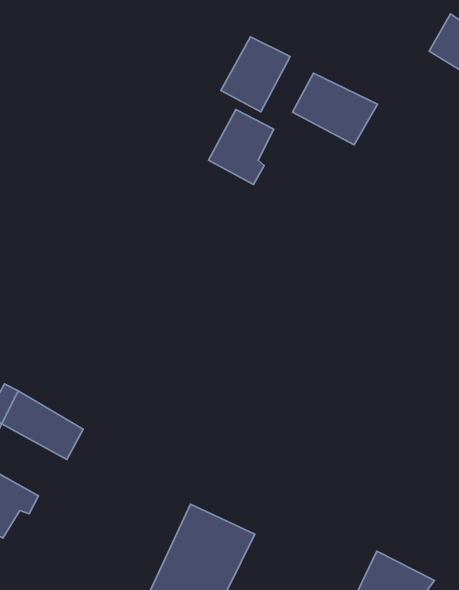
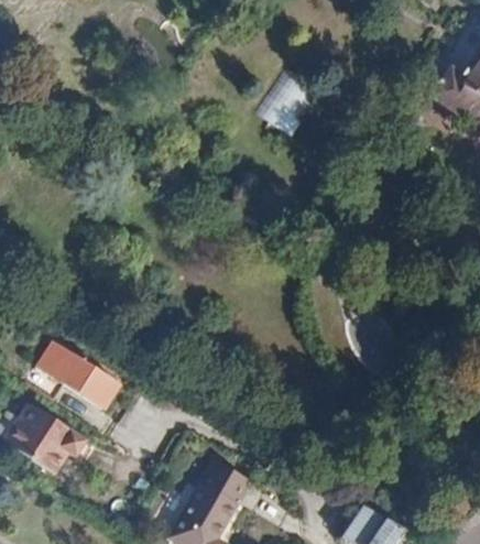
building: [292,73,378,145] -> none
building: [209,109,274,184] -> none

